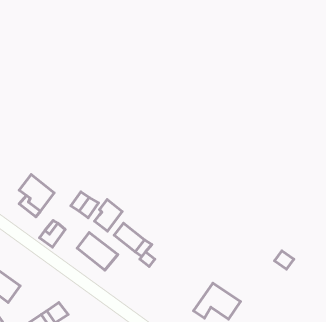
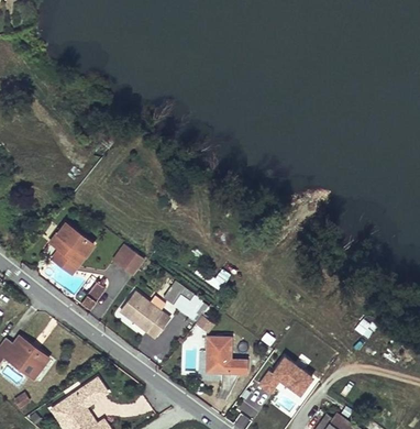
building: [95,200,122,231] -> none
building: none -> [205,339,240,374]

